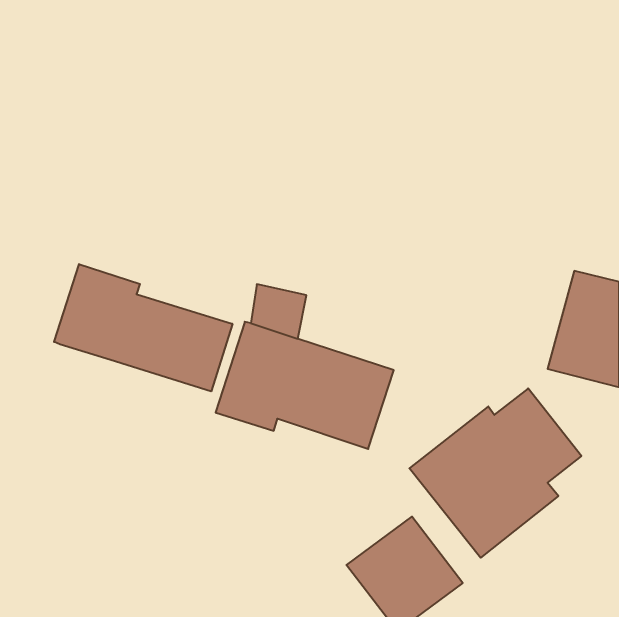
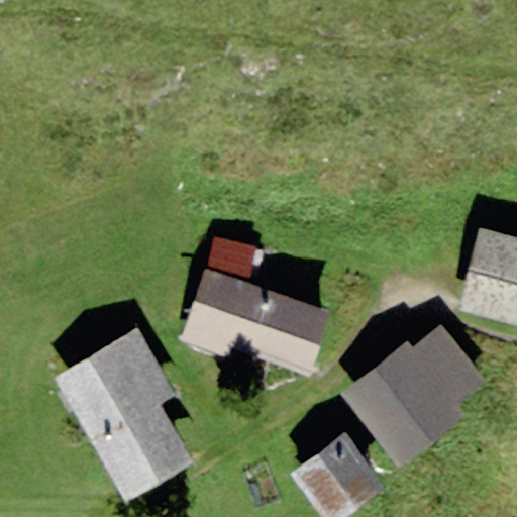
building: [54,264,232,391] -> none
building: none -> [54,329,194,502]

